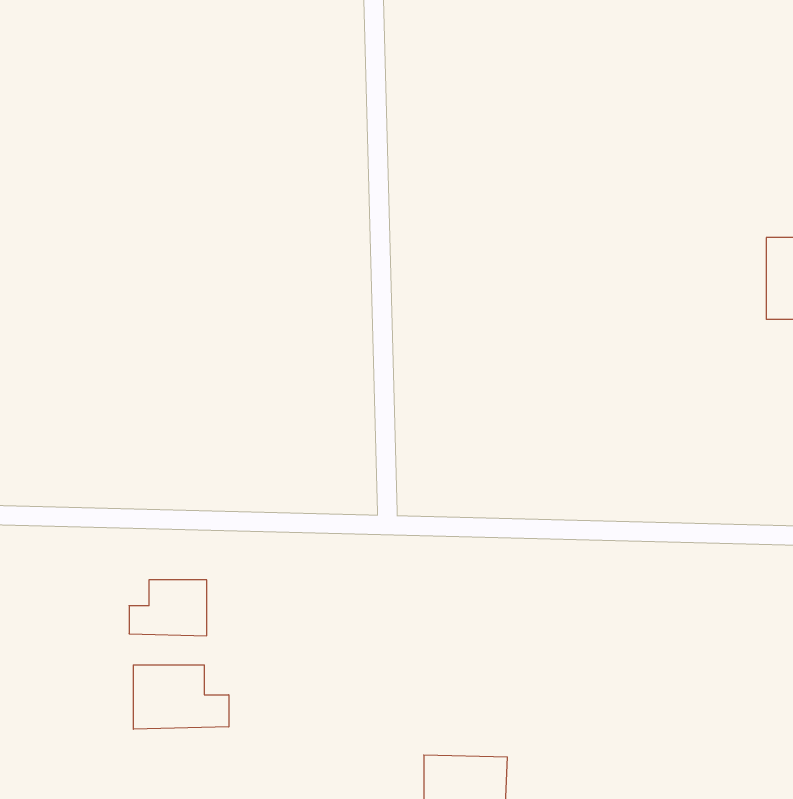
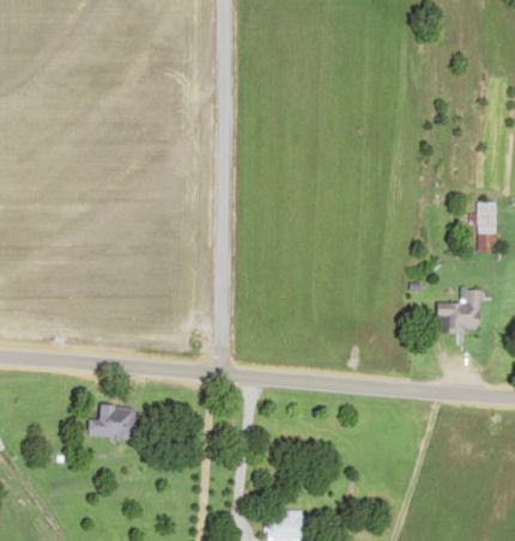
building: none -> [432,287,479,332]
building: [133,665,229,729] -> none

